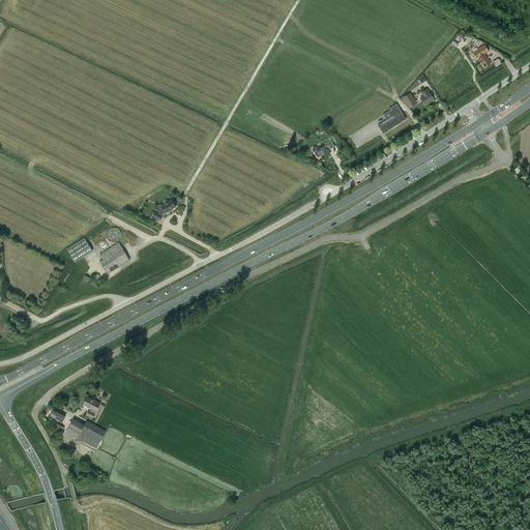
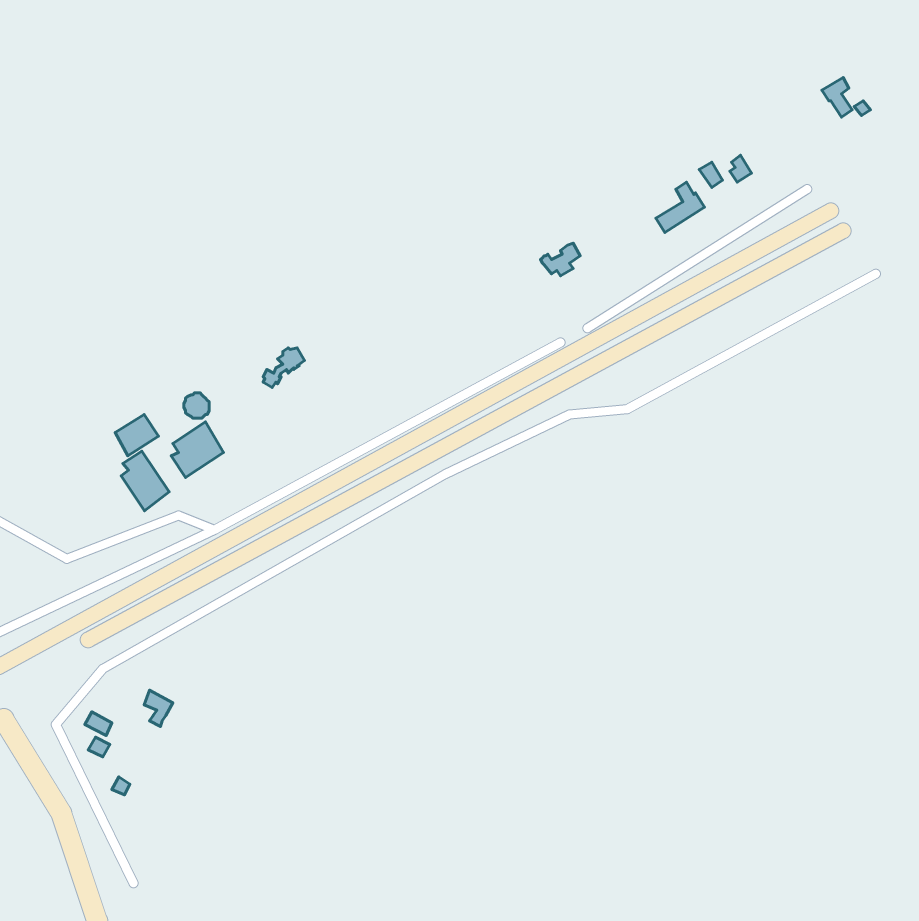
building: none -> [121,451,169,511]
building: [65,418,105,448] -> none

